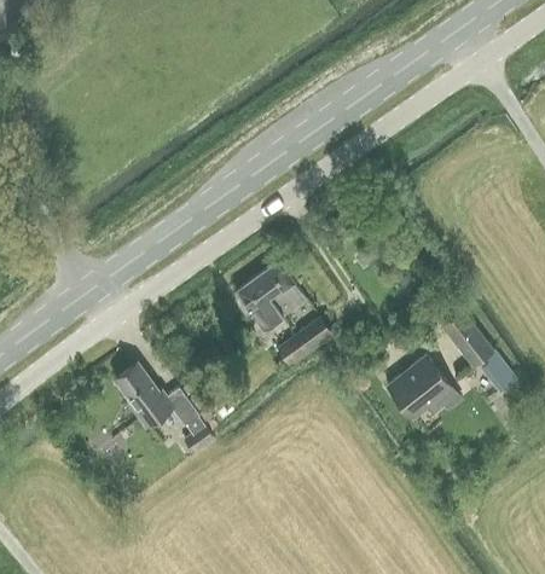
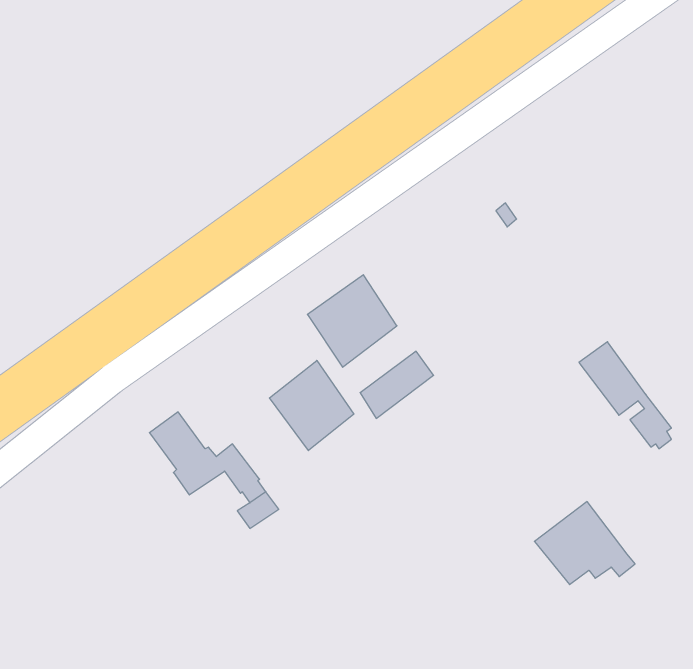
building: none -> [269,360,354,451]
building: [387,355,463,418] -> [534,502,635,585]

